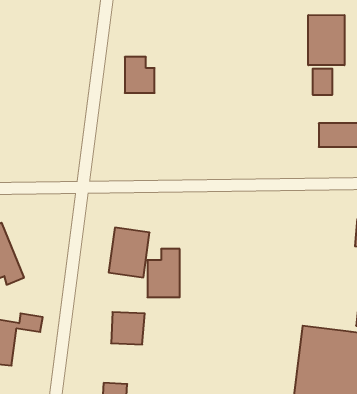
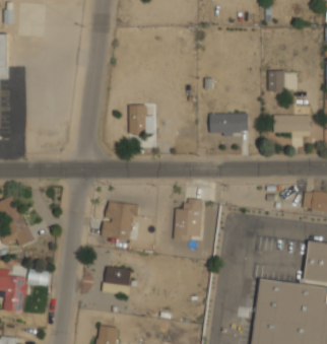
building: [308,15,344,65] -> none
building: [125,57,155,93] -> [128,104,152,133]
building: none -> [210,112,248,135]
building: [147,249,180,297] -> [174,199,200,238]

